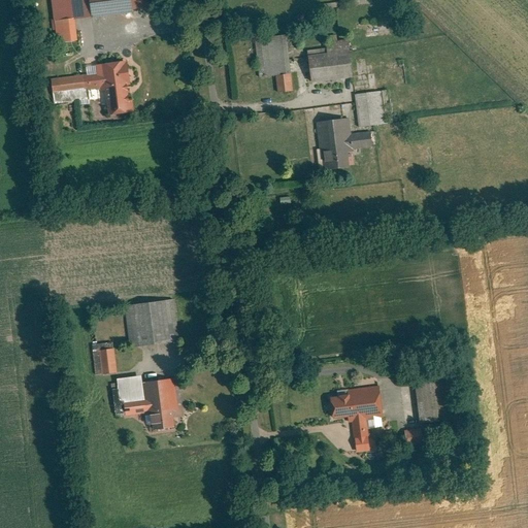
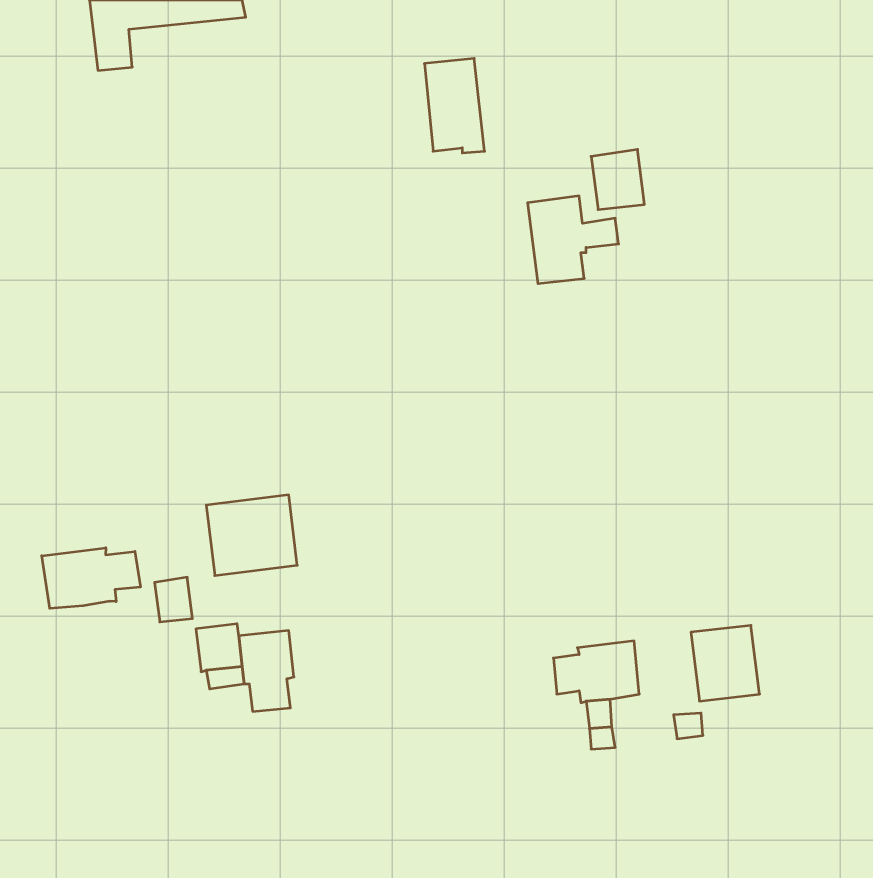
building: [307,39,352,81] -> none
building: [50,54,131,112] -> none
building: none -> [42,548,140,608]

